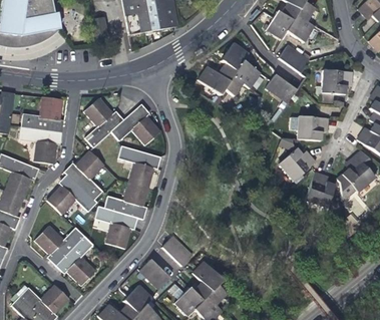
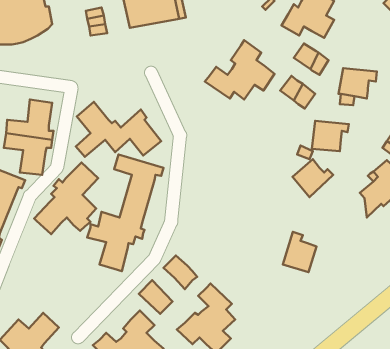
building: [306,172,336,208] -> [283,232,316,272]
building: [34,227,94,286] -> none

